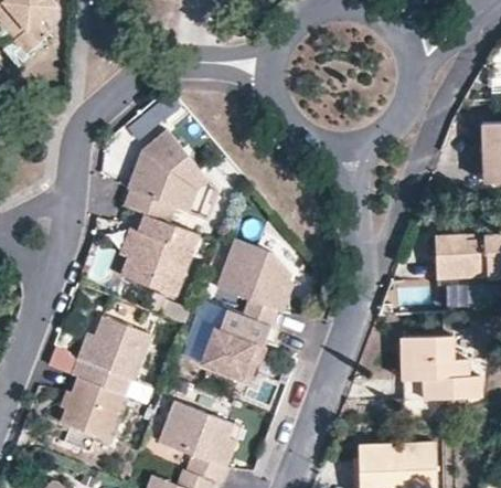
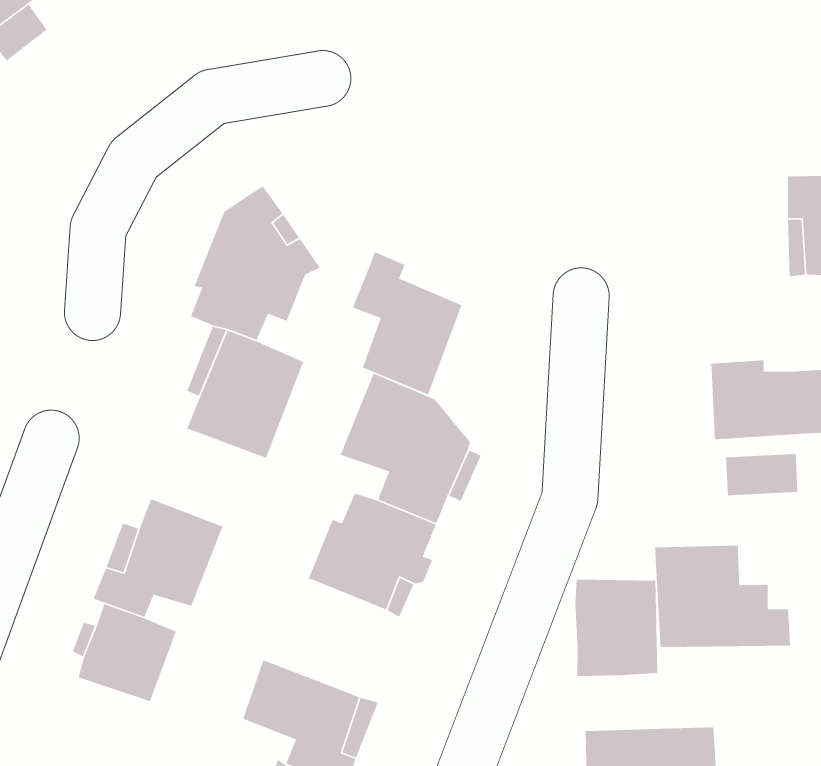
building: none -> [352,251,462,396]
building: none -> [574,579,658,677]

